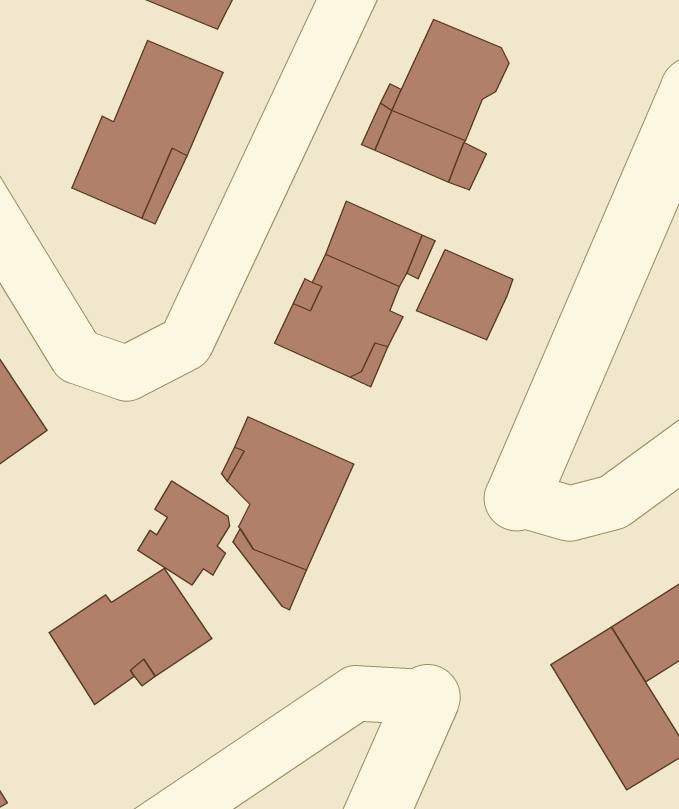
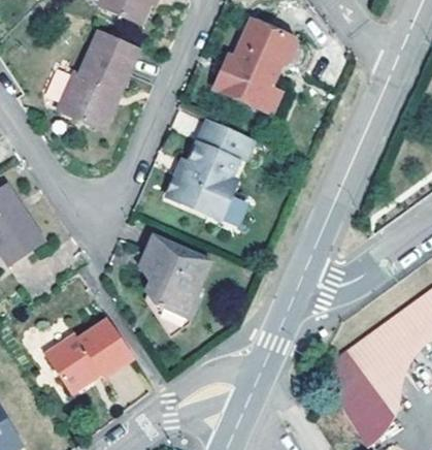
building: [416,250,513,340] -> none
building: [138,481,229,585] -> none

